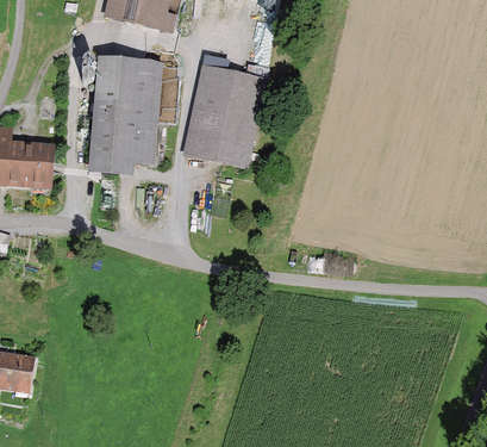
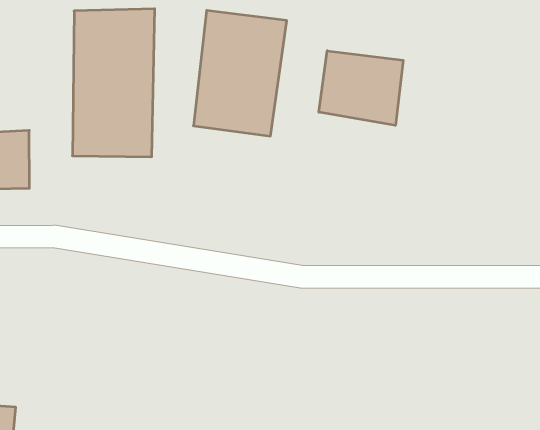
building: none -> [319,51,403,125]

